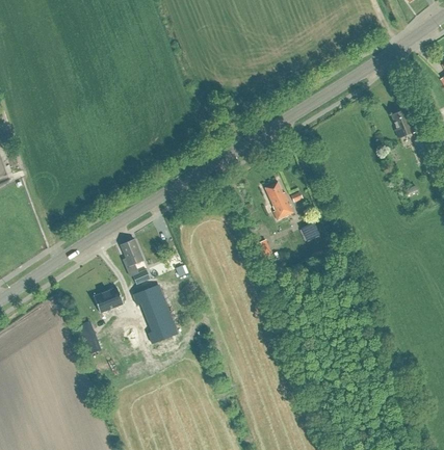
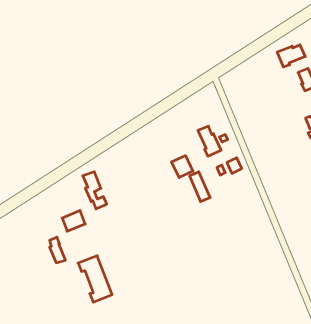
building: none -> [277,45,305,67]
building: none -> [172,156,193,178]
building: [133,285,176,343] -> [78,256,112,302]

